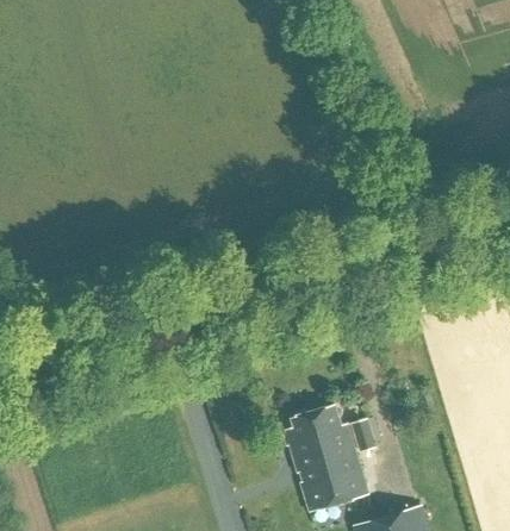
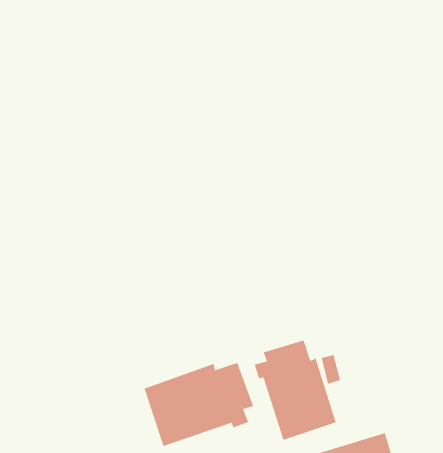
building: none -> [144,362,254,447]

